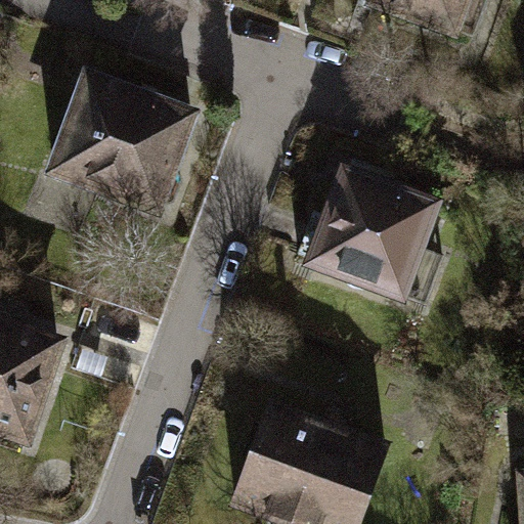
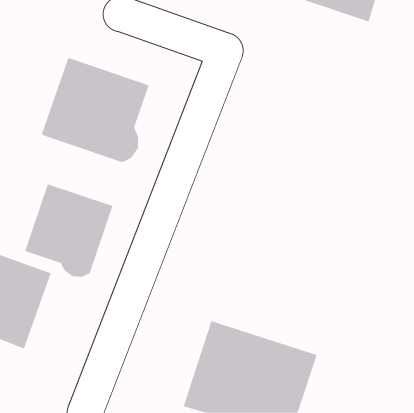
building: [288,165,443,306] -> none
building: none -> [24,184,113,277]

